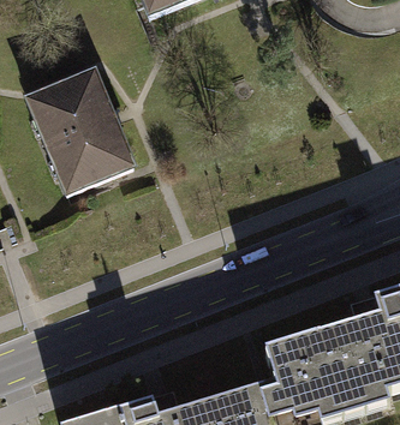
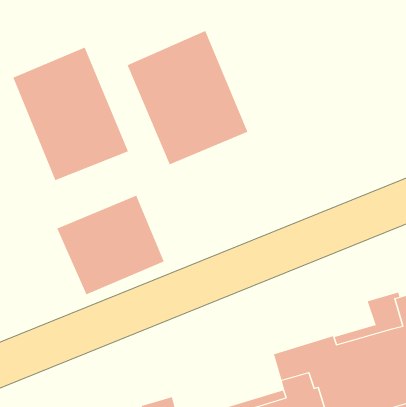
building: none -> [127,30,248,165]
building: none -> [57,195,165,295]

